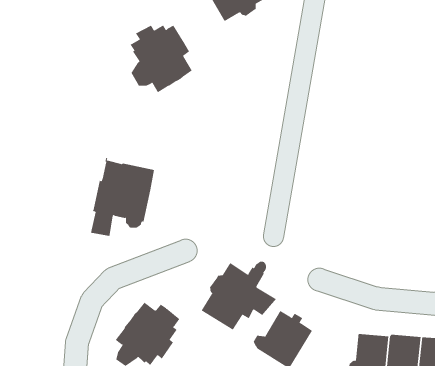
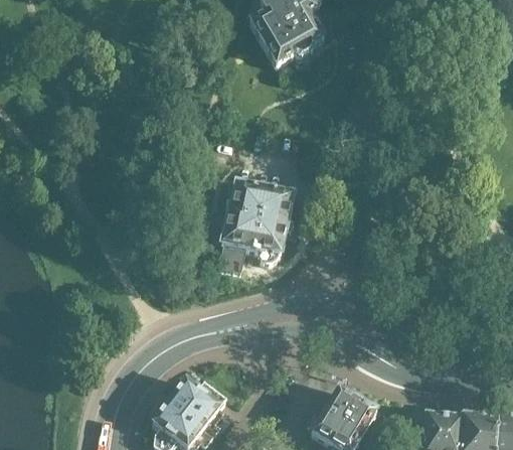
building: [130,25,193,93] -> none
building: [90,157,155,236] -> [218,180,291,269]
building: [201,261,277,331] -> none

